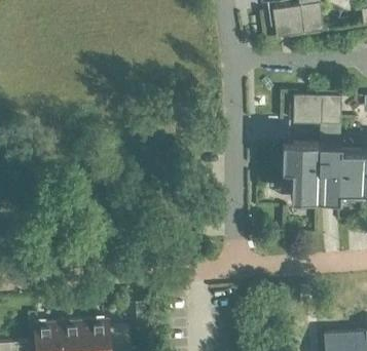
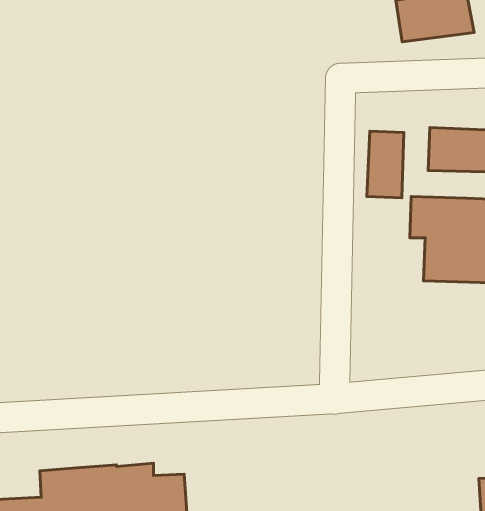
building: none -> [367,131,404,198]

